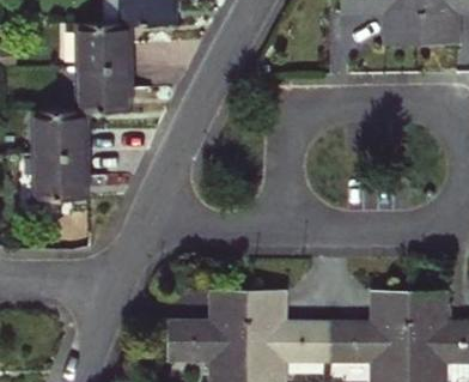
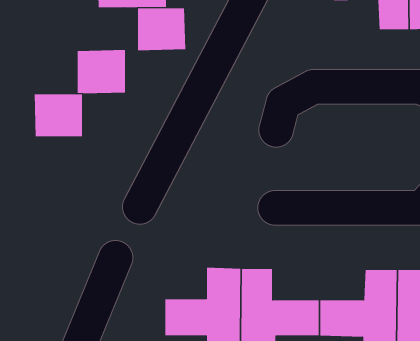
building: [80,22,130,66] -> [137,8,186,51]
building: [37,154,86,198] -> none

